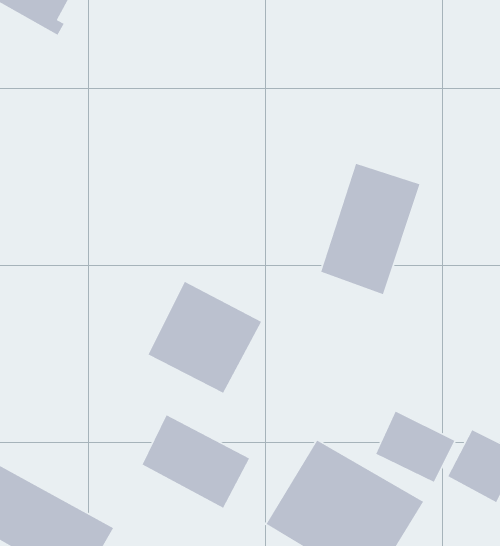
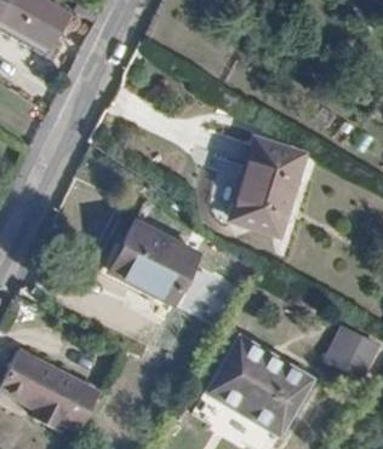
building: [375,410,455,483] -> none
building: [141,414,250,509] -> none

